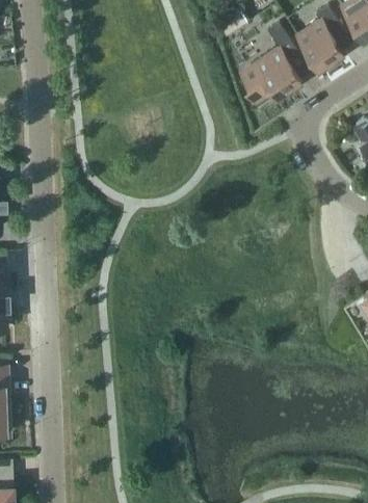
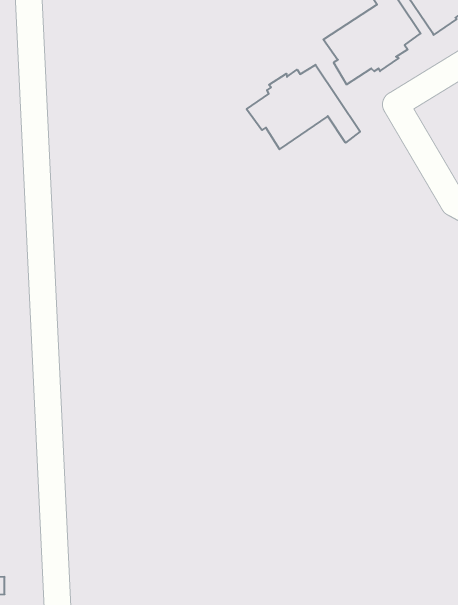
building: none -> [247,65,360,149]

